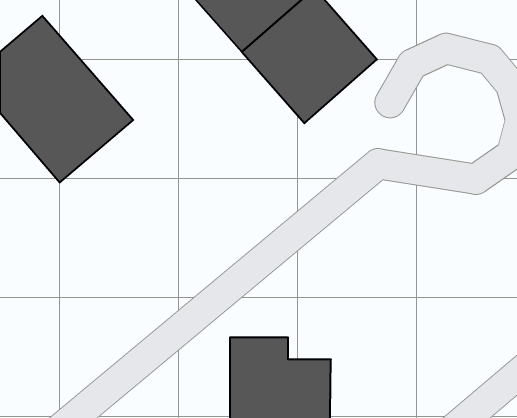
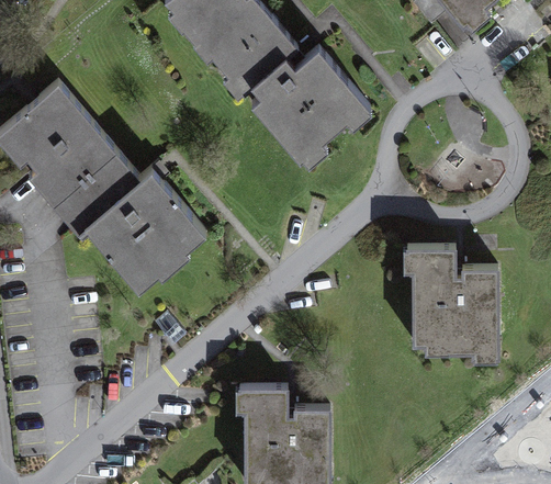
building: none -> [63,168,199,302]
building: none -> [411,243,510,344]

